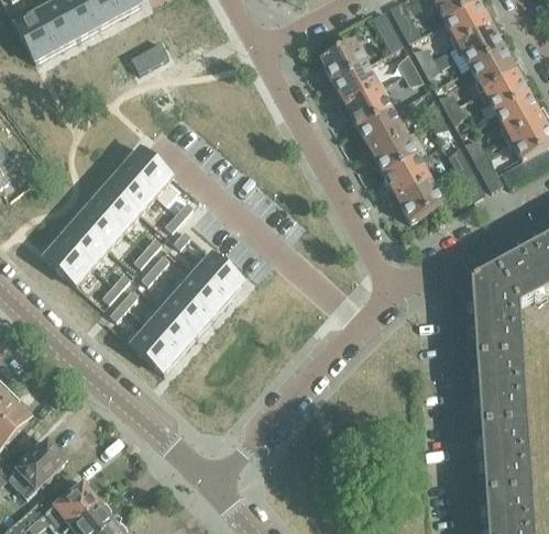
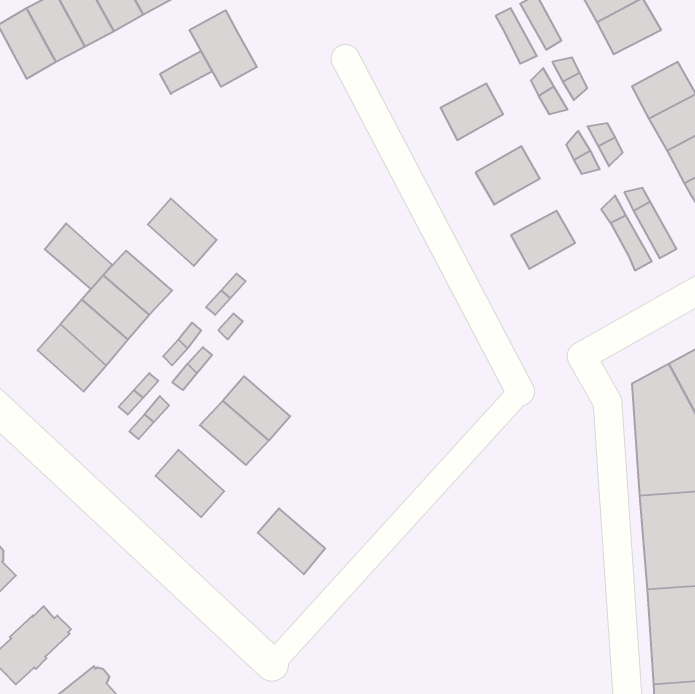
building: none -> [190,10,257,87]
building: [458,25,504,66] -> none
building: [320,41,366,81] -> none
building: [345,86,392,127] -> none
building: [372,132,417,173] -> none
building: [108,165,156,212] -> [45,223,112,289]
building: [397,178,443,220] -> none
building: [193,255,242,302] -> none
building: [145,309,194,356] -> [258,508,325,574]

